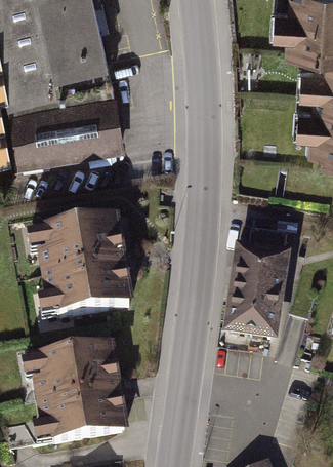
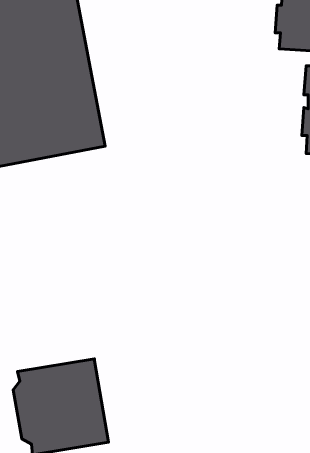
building: [33,218,128,313] -> none
building: [233,229,284,337] -> none

